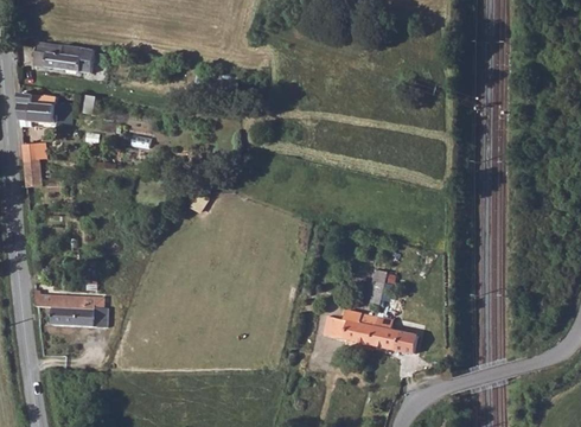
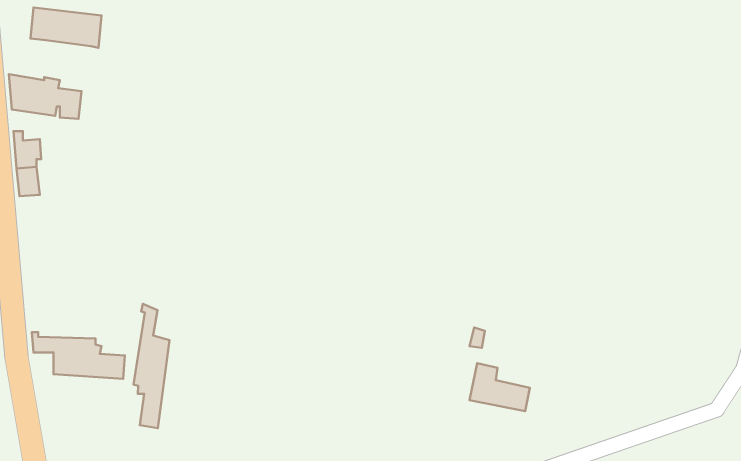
building: none -> [133,304,170,428]
building: [331,307,378,343] -> none

